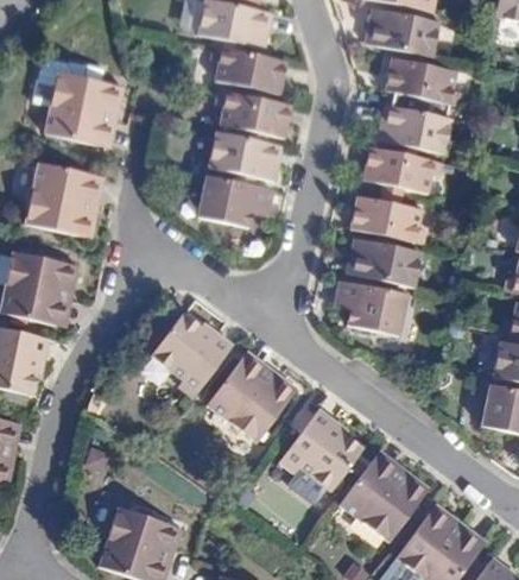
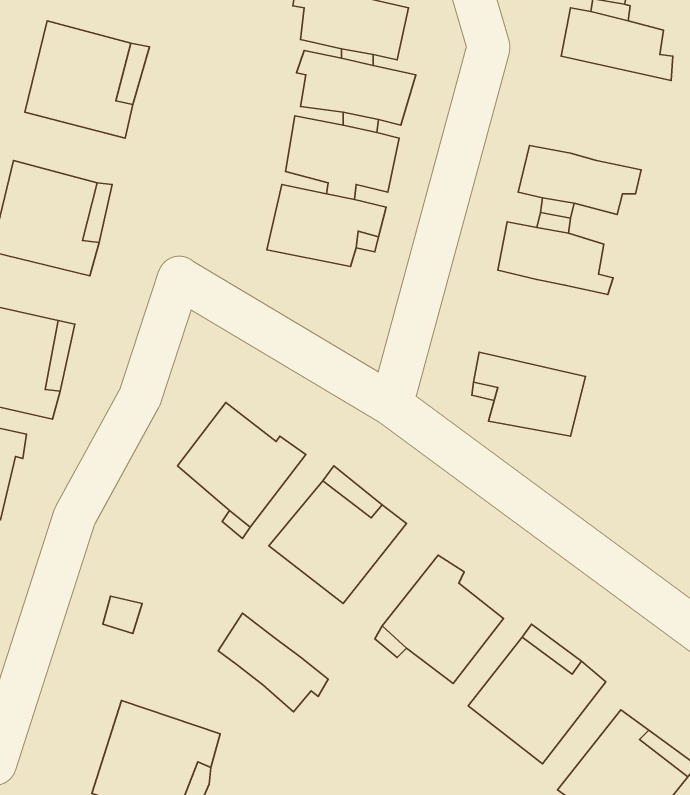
building: [378,108,451,159] -> none
building: [344,235,417,289] -> none
building: none -> [218,613,328,712]

